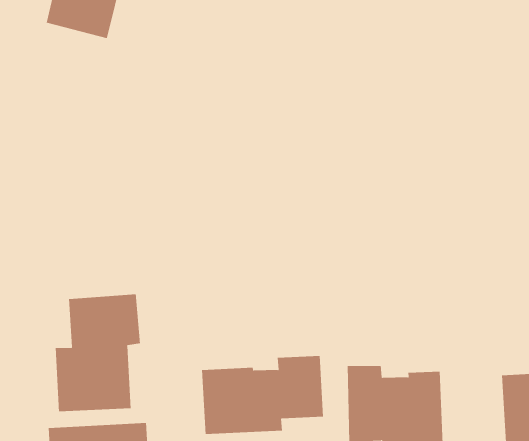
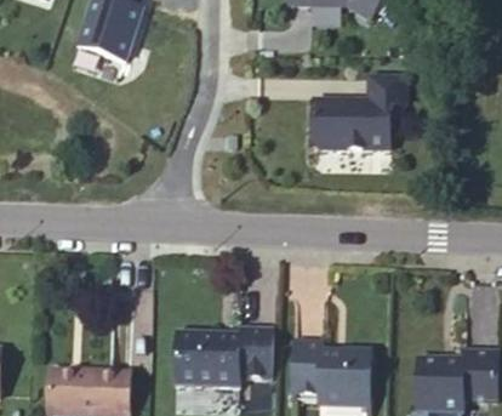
building: none -> [313,78,406,150]
building: [55,293,141,412] -> none

